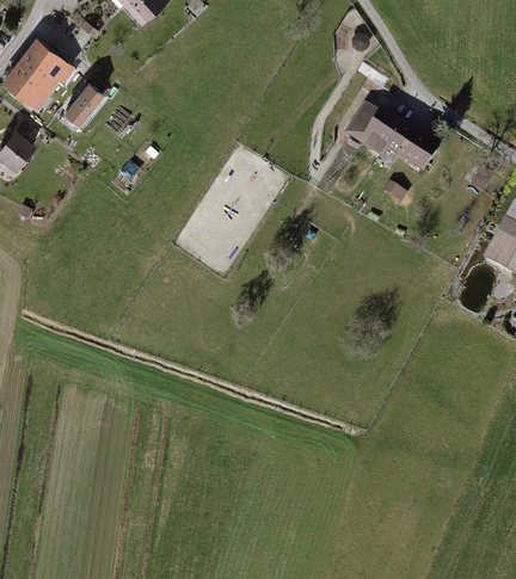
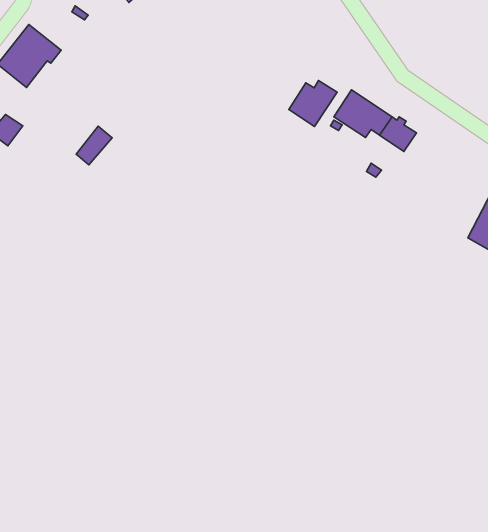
building: [66,82,103,122] -> [76,126,112,165]
building: none -> [289,81,337,127]

